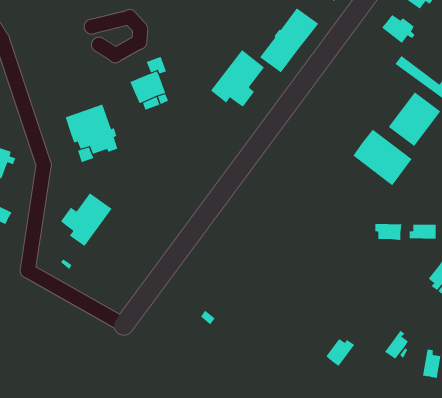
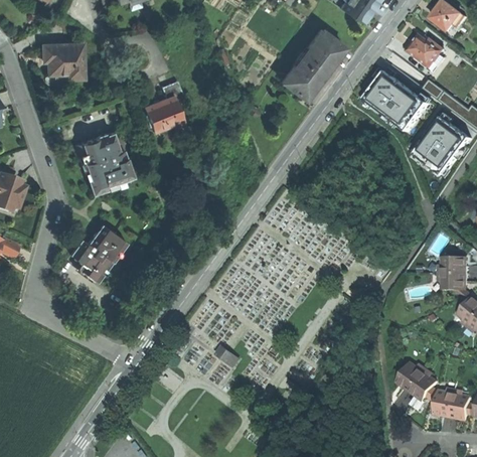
building: none -> [42,43,83,78]
building: [210,49,265,107] -> none
building: [352,129,412,186] -> [366,71,430,132]
building: [375,223,402,241] -> [439,273,468,291]
building: [326,338,355,367] -> [399,362,430,393]
building: none -> [436,388,458,418]

